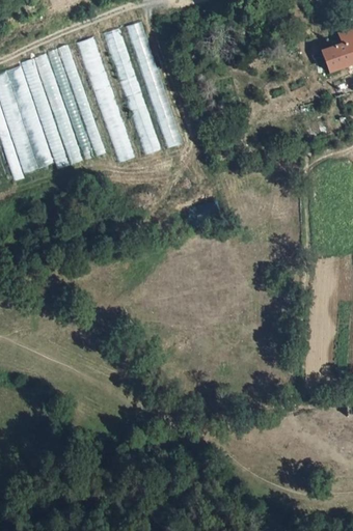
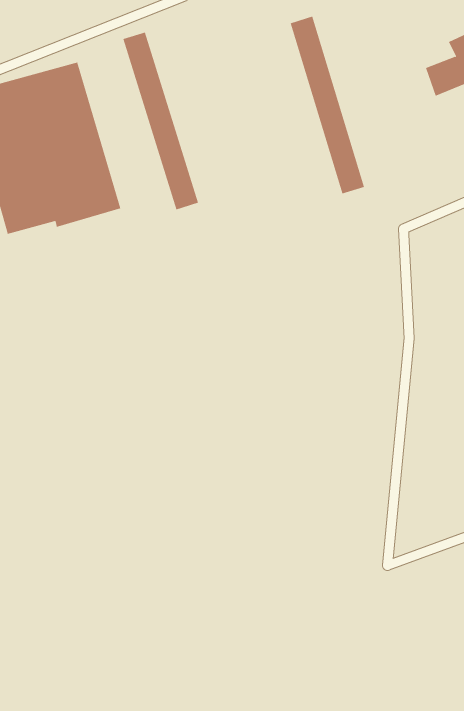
building: [126,21,180,149] -> [290,16,365,194]
building: [79,36,129,164] -> none

